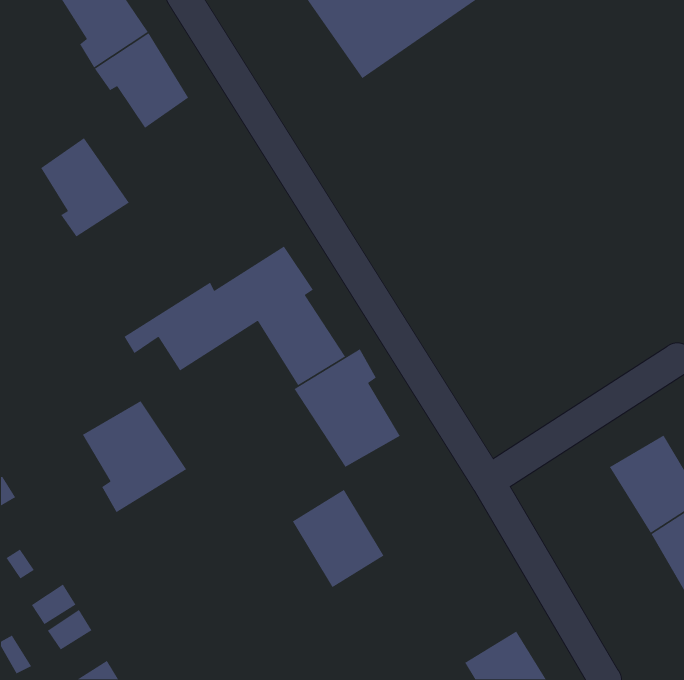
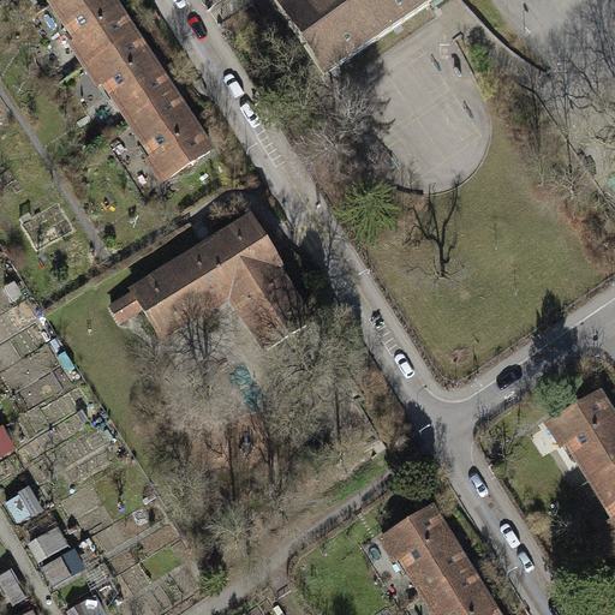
building: [40,137,130,238] -> [131,88,211,178]
building: [294,348,401,468] -> none
building: [82,400,187,513] -> none
building: [292,489,384,588] -> [381,504,464,593]

